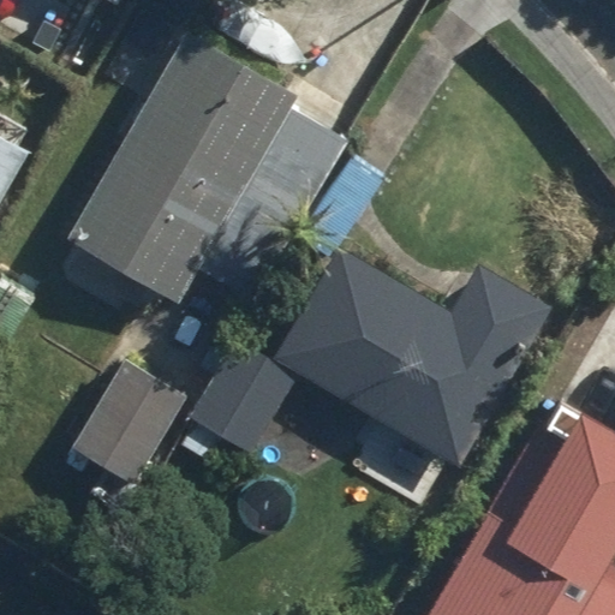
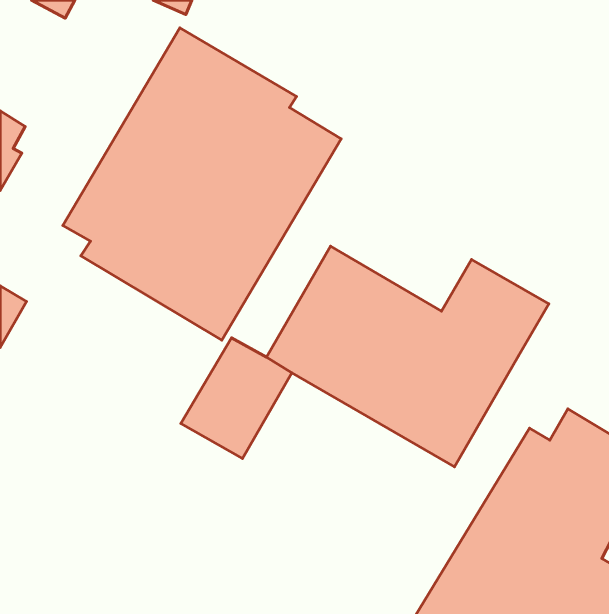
building: [68,359,189,491] -> none

